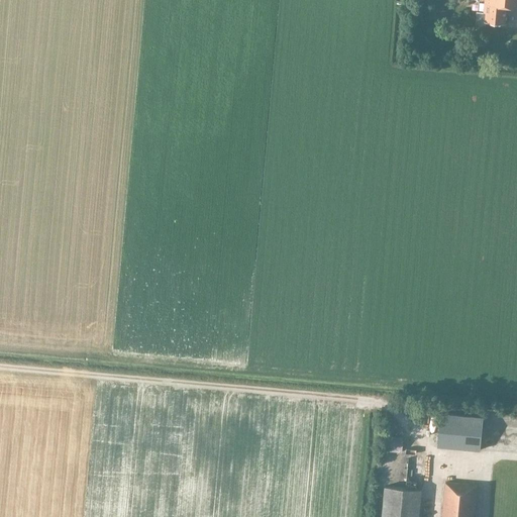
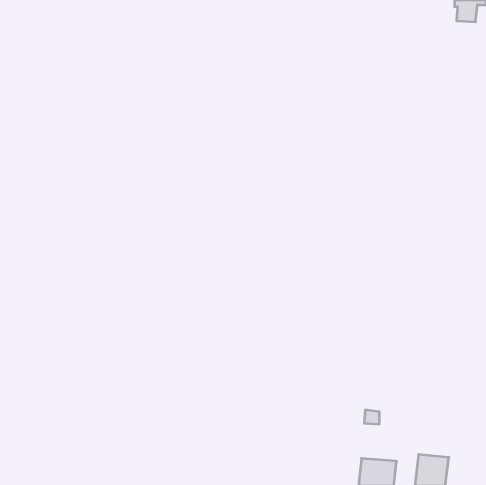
building: [437,415,483,451] -> none

